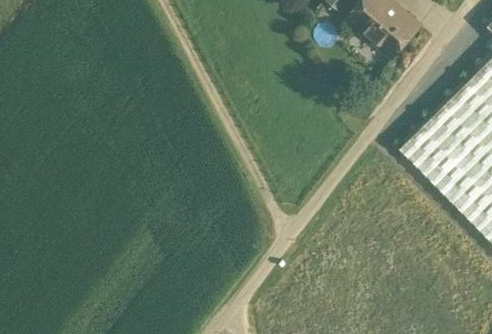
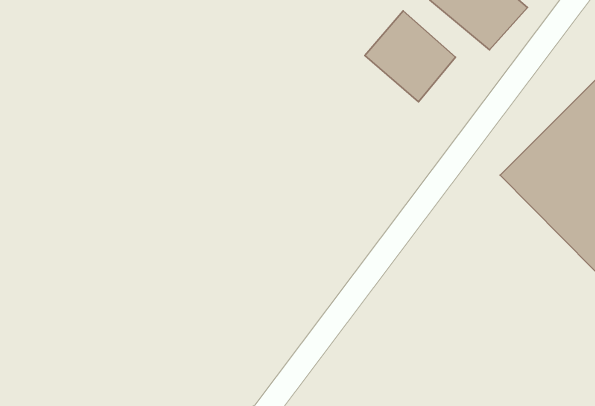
building: none -> [365,11,455,102]

